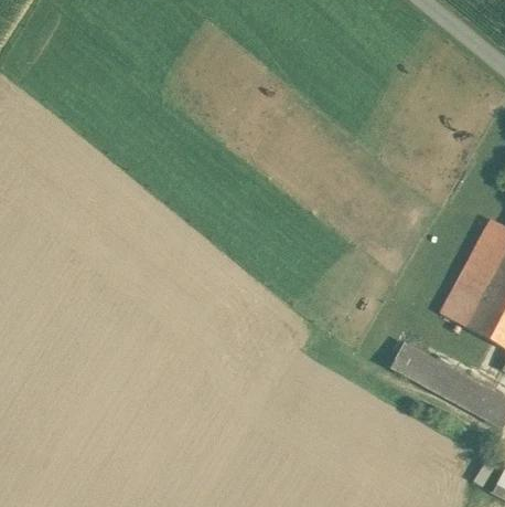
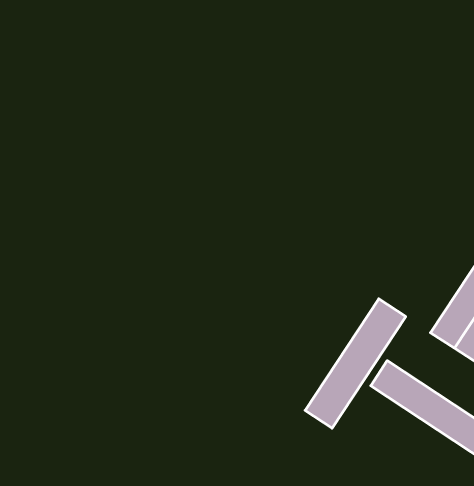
building: none -> [305,299,406,428]

